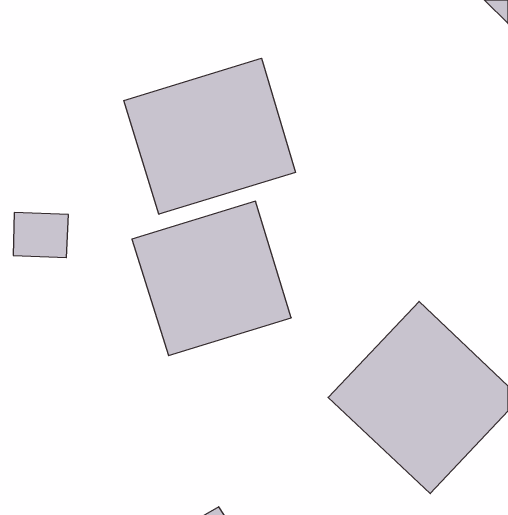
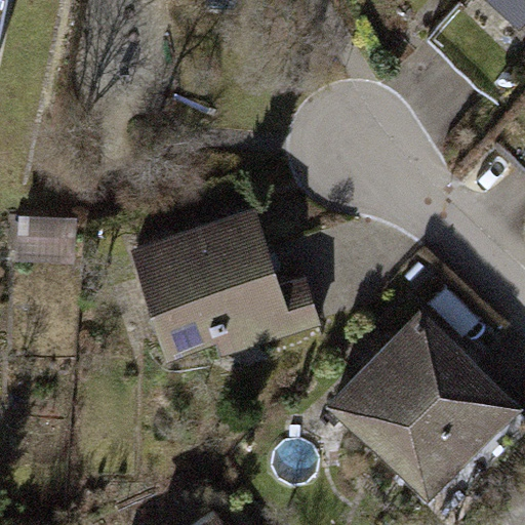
building: [124,58,295,214] -> none

